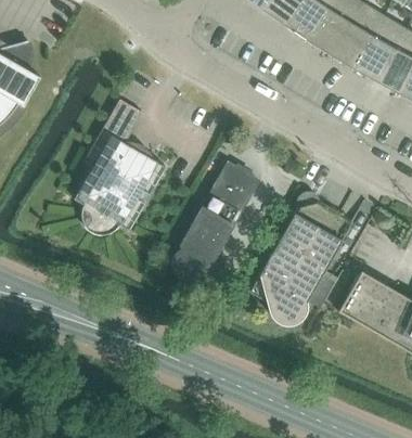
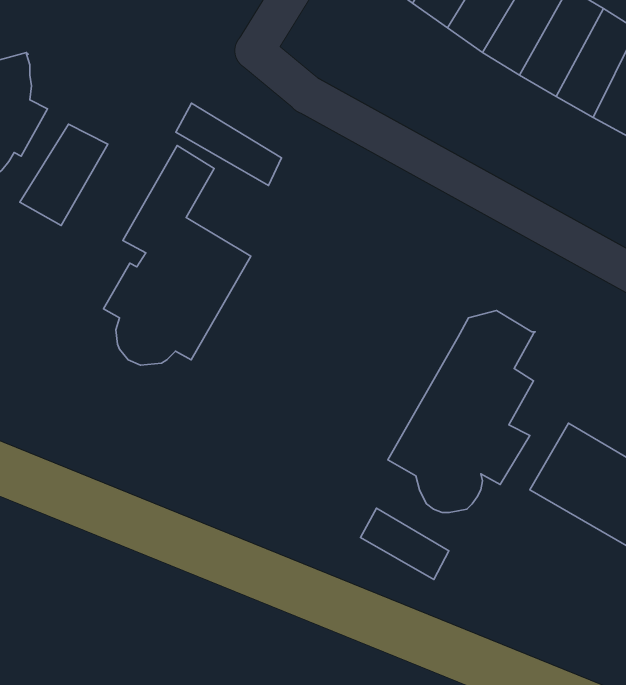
building: none -> [176,103,282,186]
building: none -> [20,124,108,225]
building: [172,163,258,278] -> none
building: none -> [360,508,449,579]

